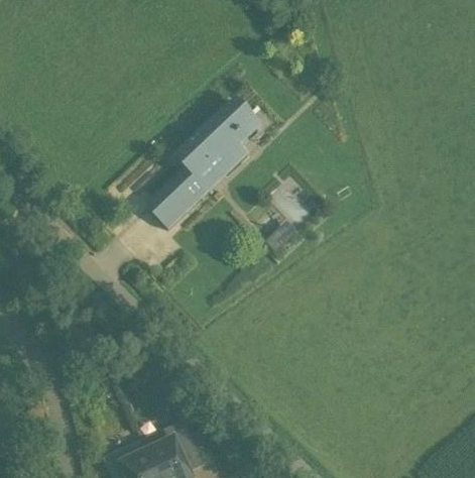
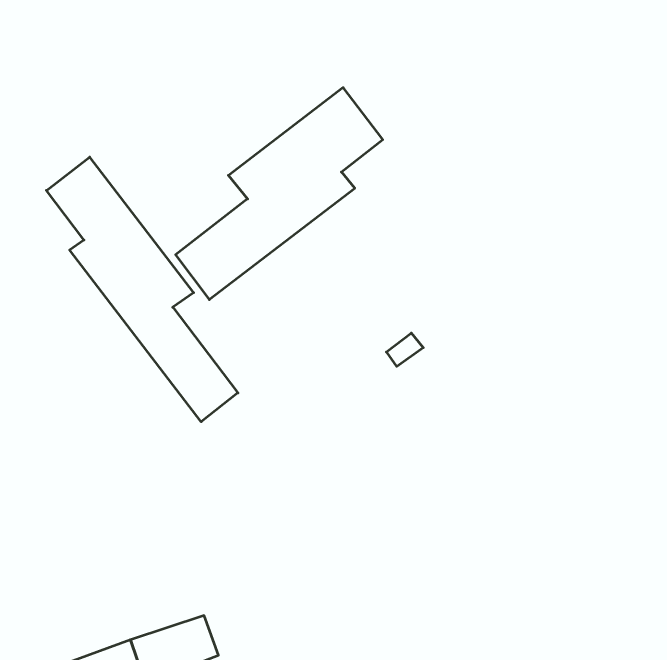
building: none -> [46,157,238,422]

